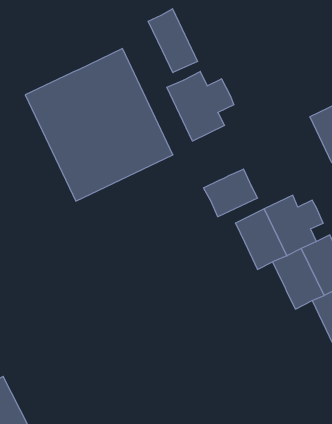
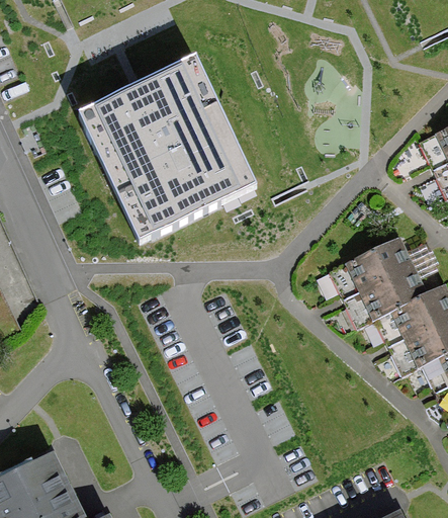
building: [148,9,198,73] -> none
building: [167,71,234,141] -> none
building: [204,169,258,217] -> none

